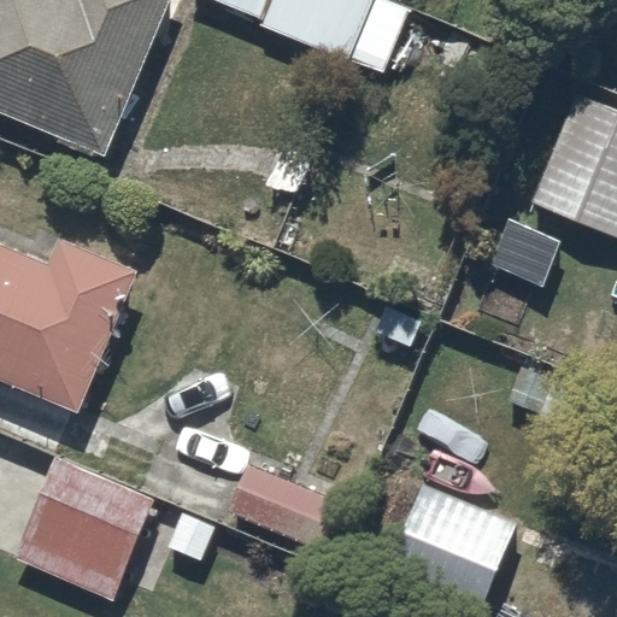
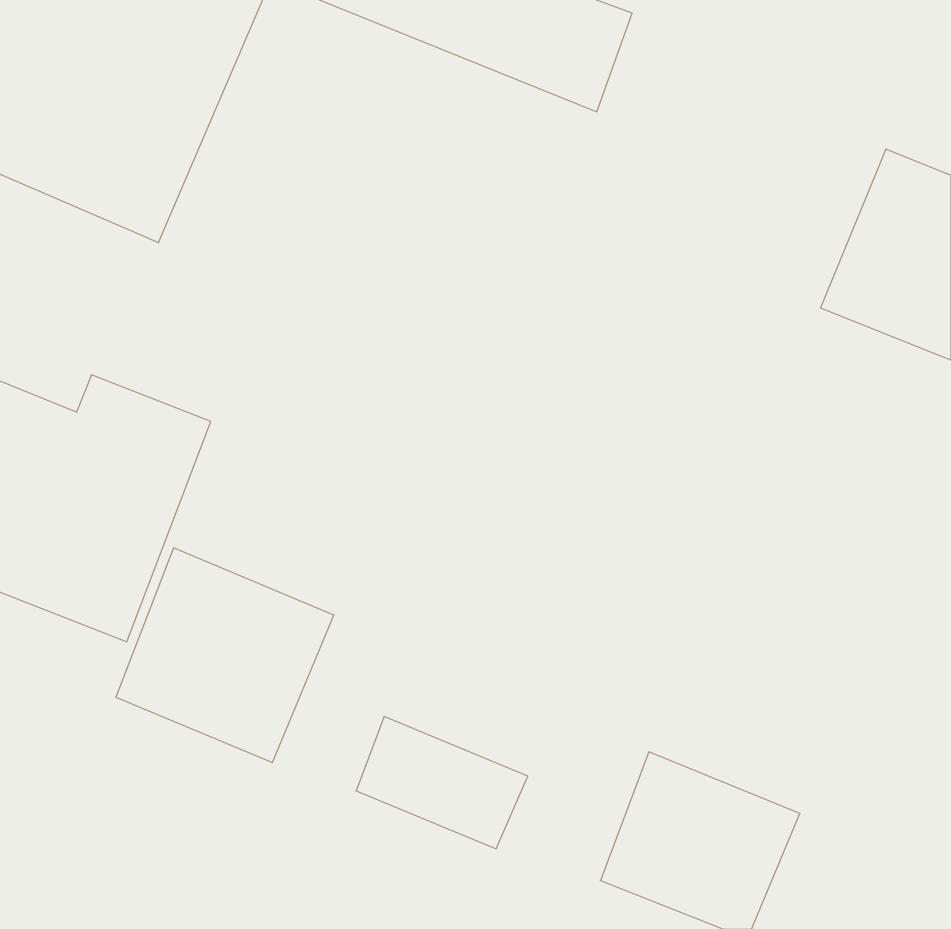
building: [14,457,155,595] -> [116,548,334,762]

